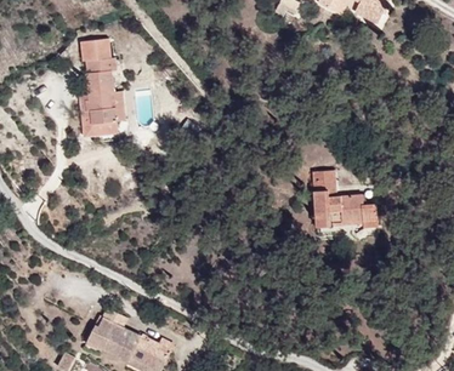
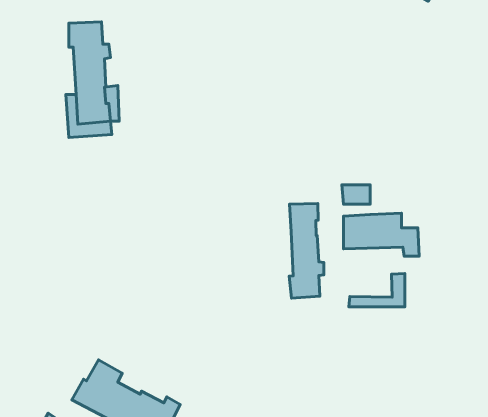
building: none -> [289,204,324,298]
building: none -> [349,274,405,307]

